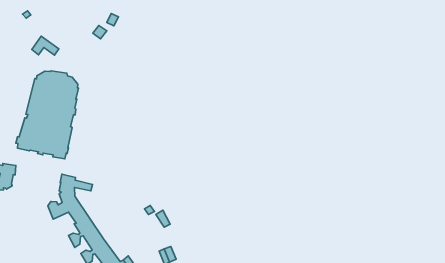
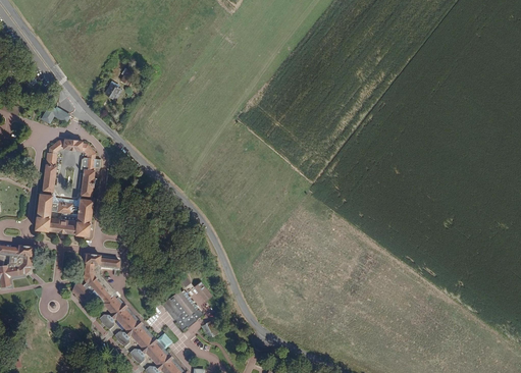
building: none -> [160,290,203,330]

